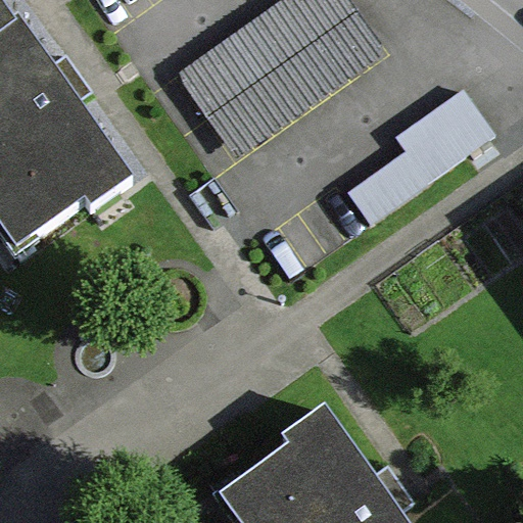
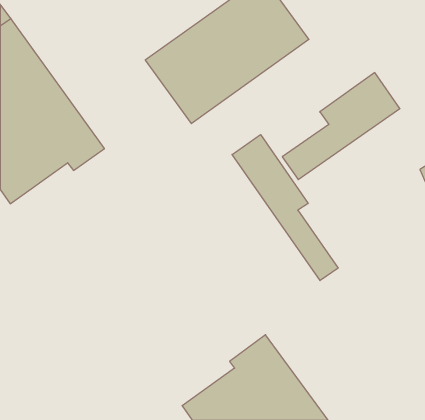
building: none -> [232,135,338,281]

